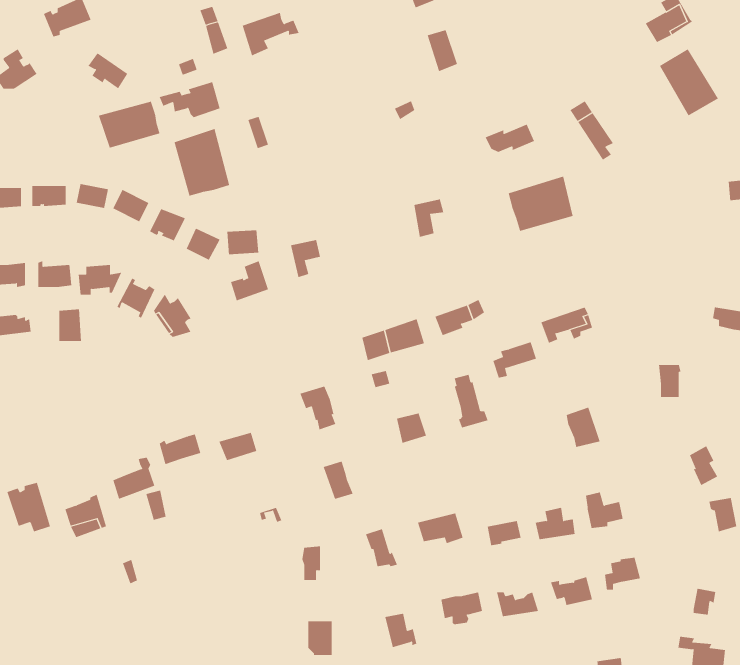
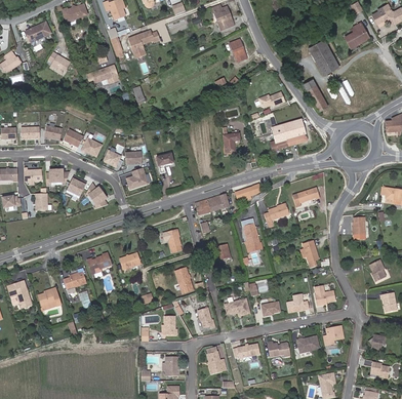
building: [659,49,719,116] -> [309,38,340,74]
building: [98,101,160,148] -> none
building: [174,128,230,196] -> none

